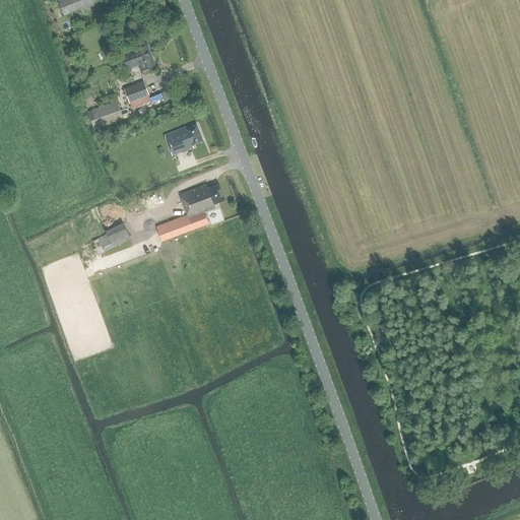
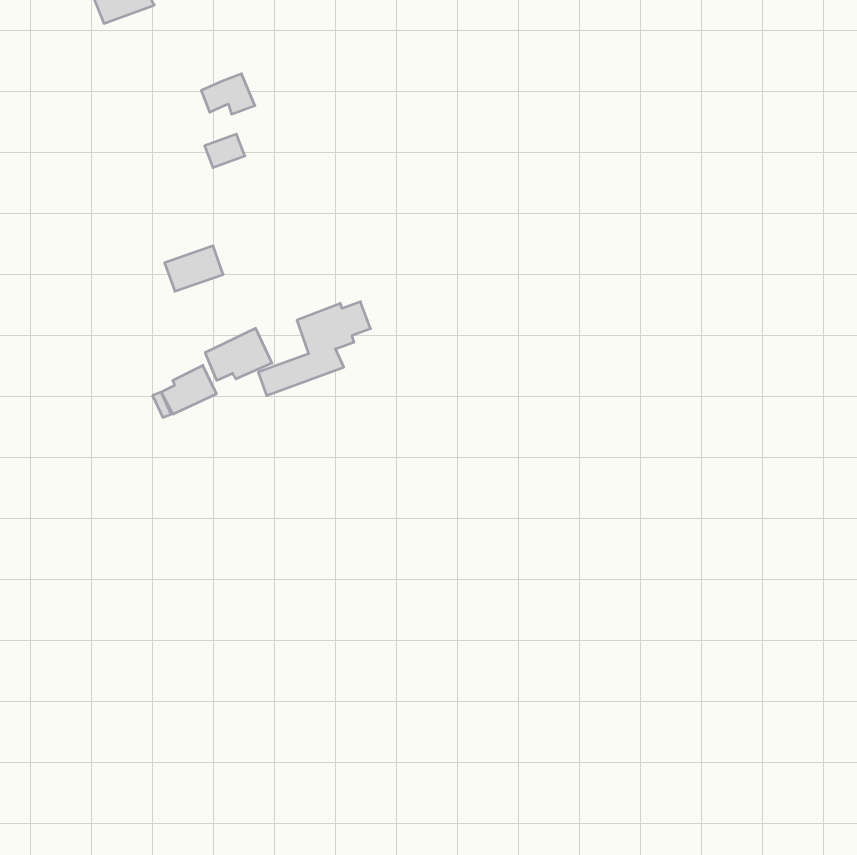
building: [87,101,123,128] -> [165,246,223,291]
building: [164,125,202,154] -> none
building: none -> [205,328,272,380]

